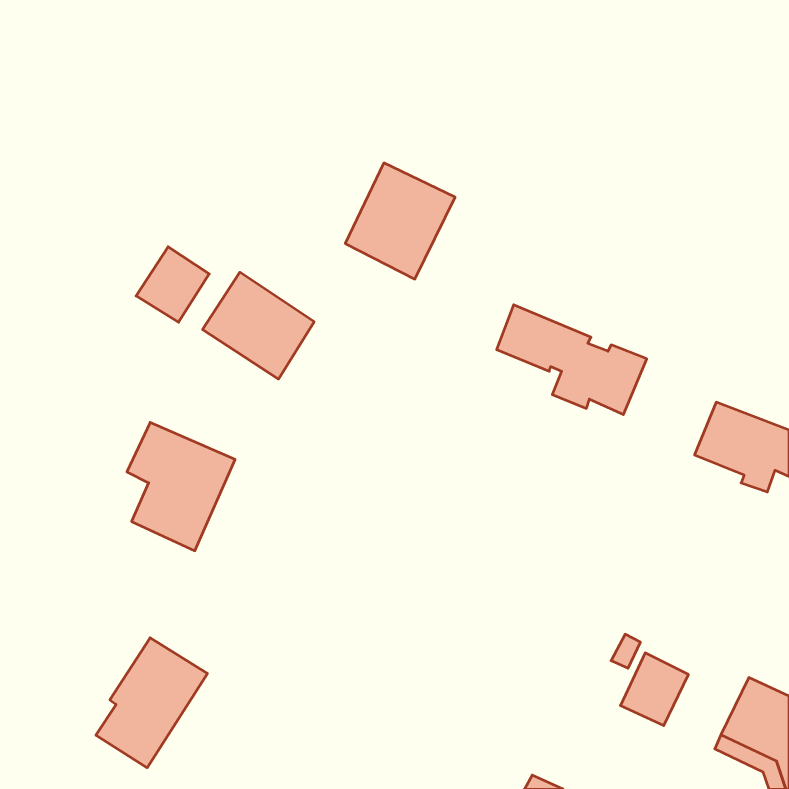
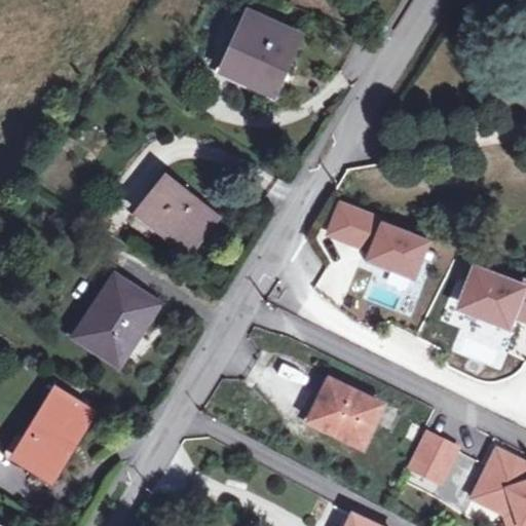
building: [345,163,455,279] -> [217,13,290,90]
building: [136,247,209,322] -> none
building: none -> [312,379,382,444]
building: [96,638,207,768] -> [22,390,96,477]

